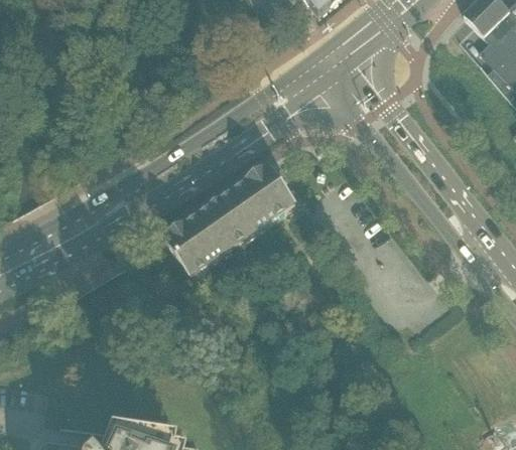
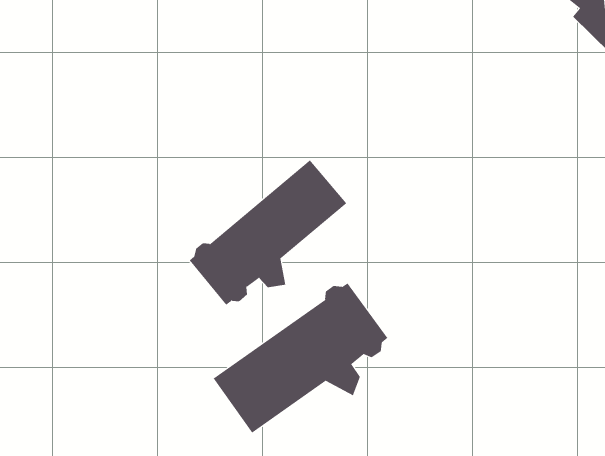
building: none -> [213,282,388,433]

